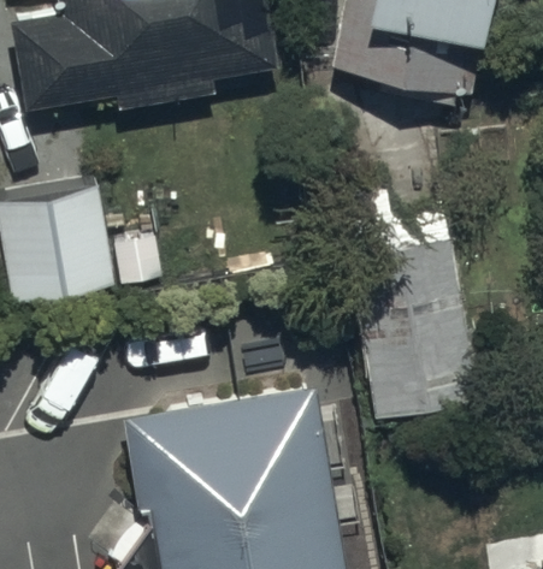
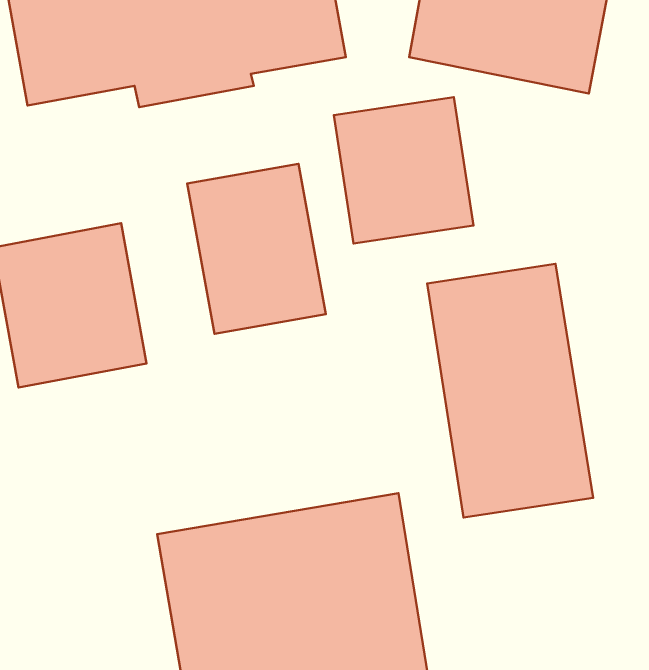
building: none -> [334,97,474,243]
building: none -> [187,164,326,334]

